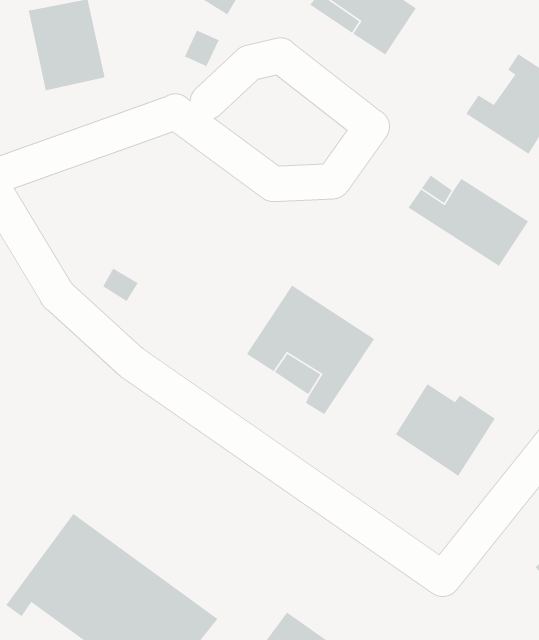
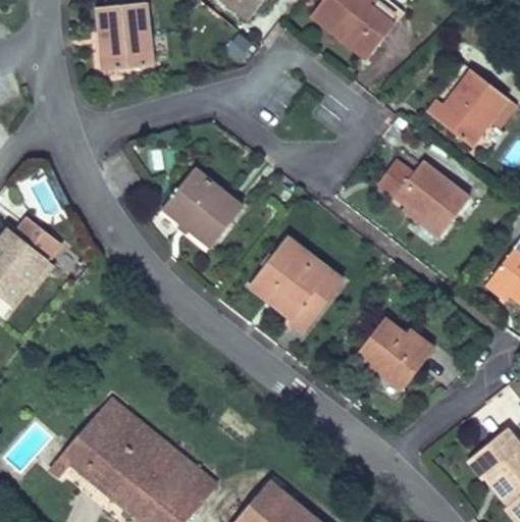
building: none -> [162,169,243,248]

